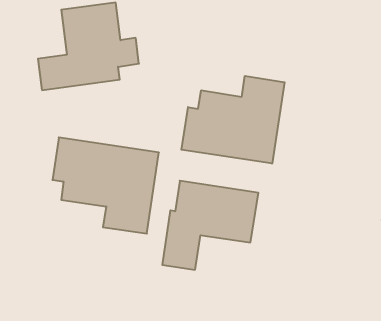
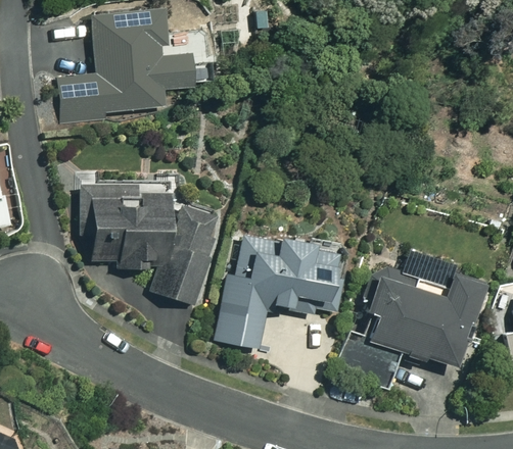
building: [181,76,285,164] -> none
building: none -> [342,249,484,392]

